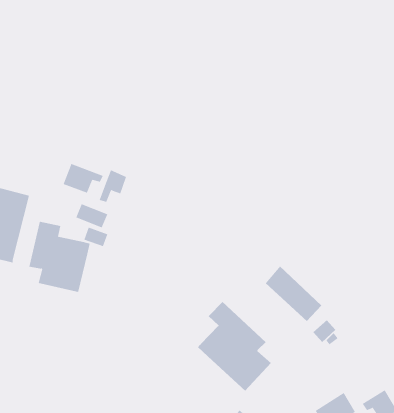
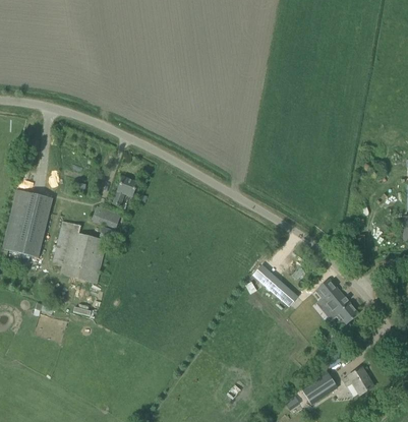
building: [63,163,104,194] -> none
building: none -> [317,279,357,325]
building: [197,301,272,391] -> none

